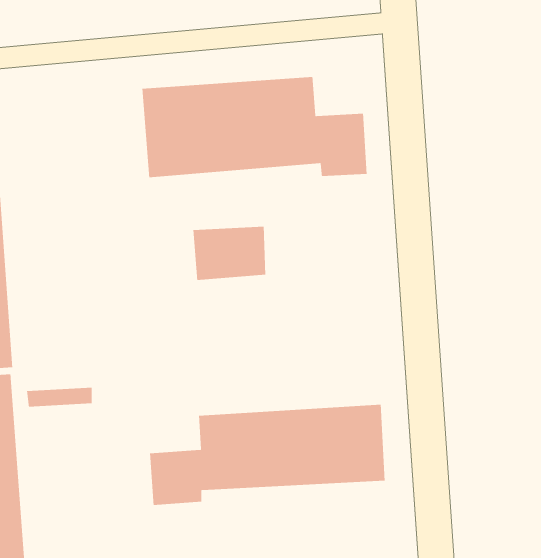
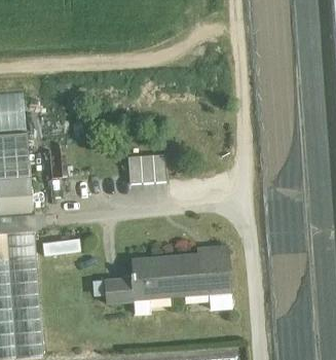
building: [142,76,367,178] -> none

